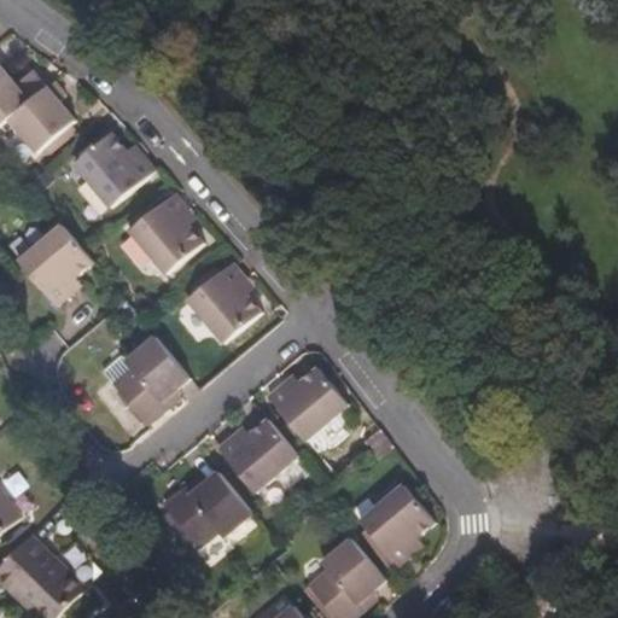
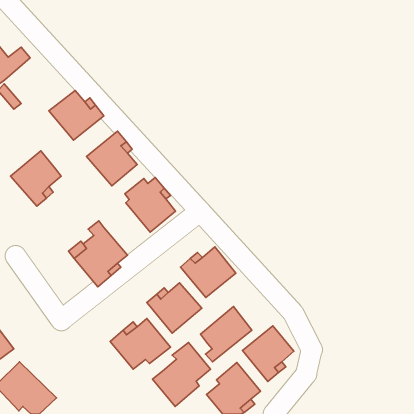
building: [7,81,72,152] -> none
building: none -> [200,307,252,362]
building: none -> [153,342,210,407]

